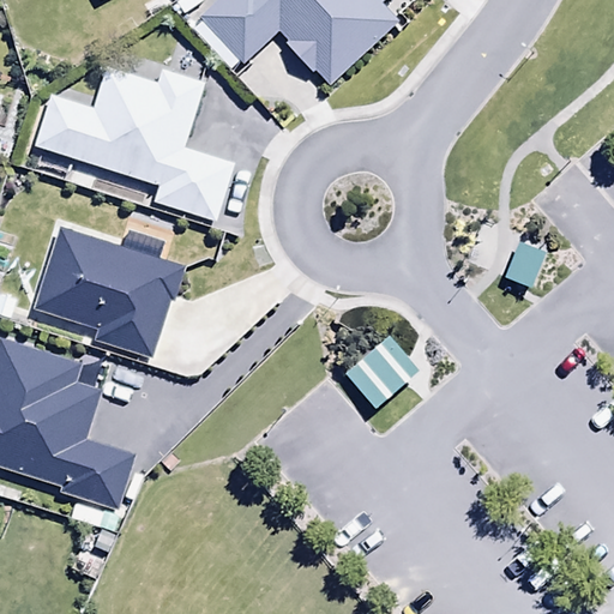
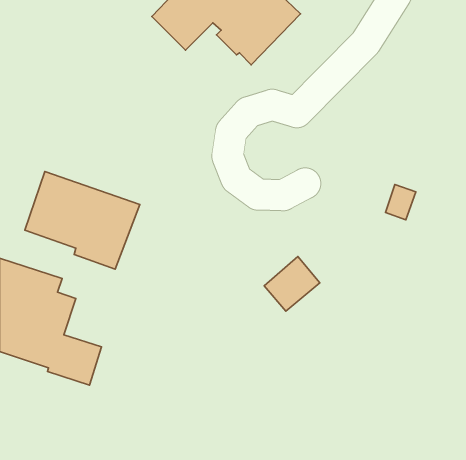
building: [35,66,235,221] -> none

